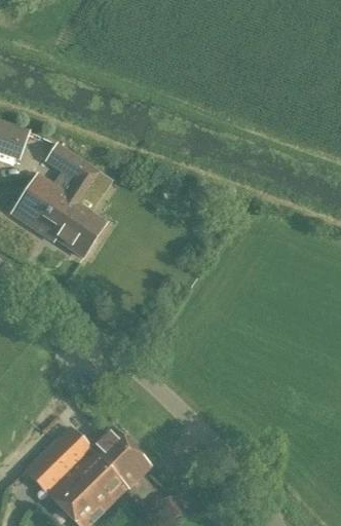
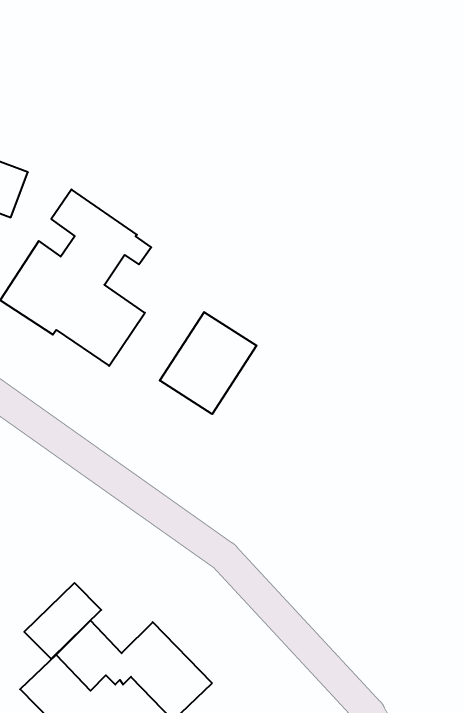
building: none -> [160,312,257,414]
building: none -> [24,583,101,659]

